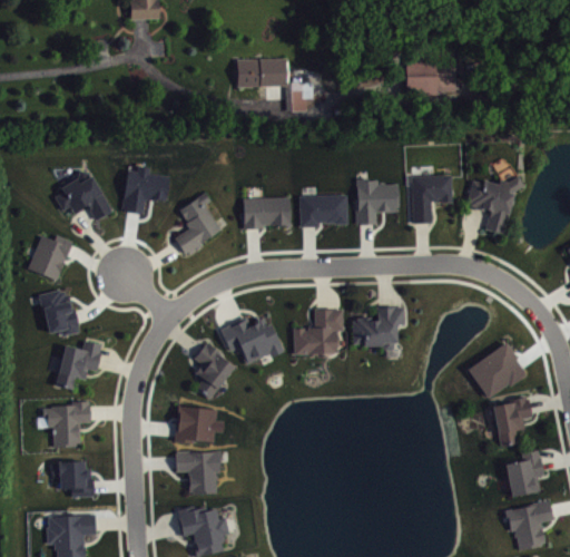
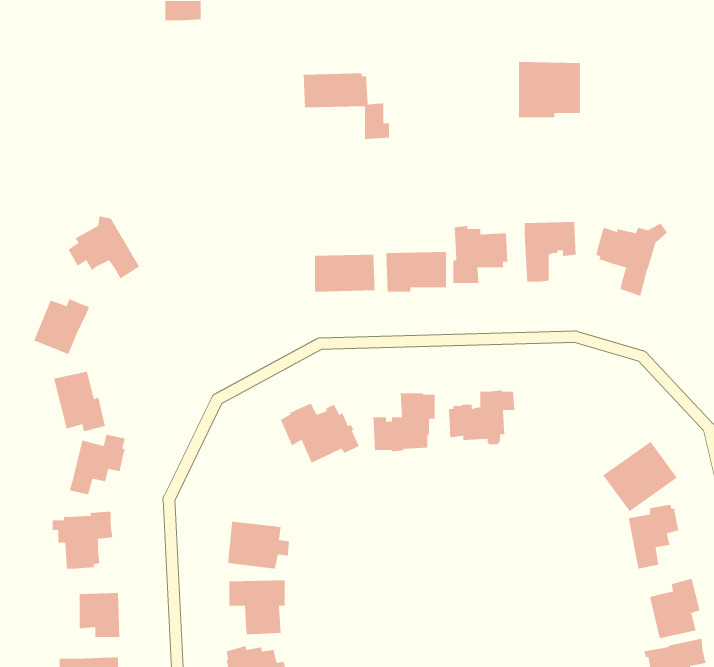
building: [126,169,173,216] -> none
building: [173,190,219,253] -> none
building: [193,341,233,398] -> none

